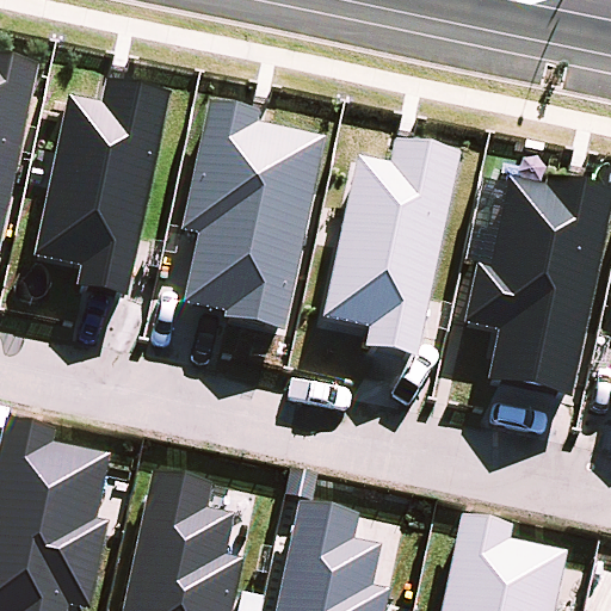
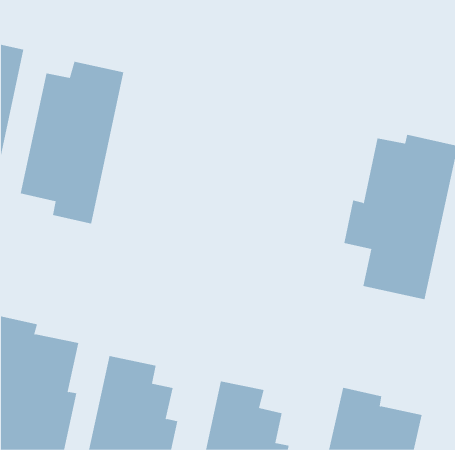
building: [180,105,323,334] -> none
building: [321,141,461,358] -> none

